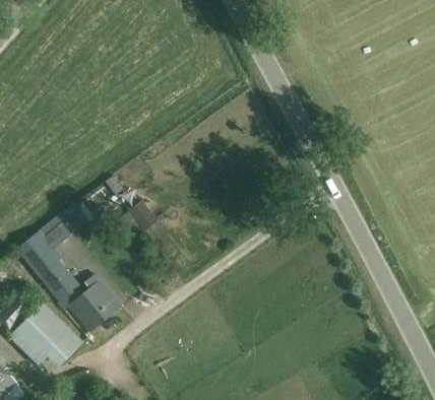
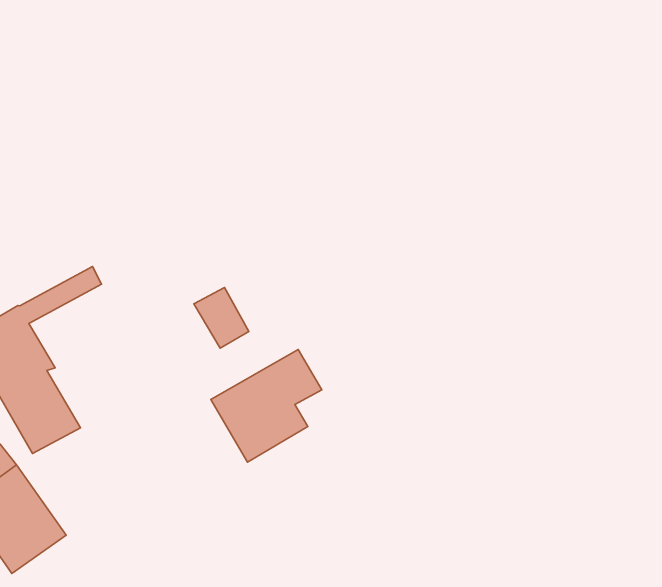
building: none -> [211,349,322,462]
building: [69,274,122,332] -> none

